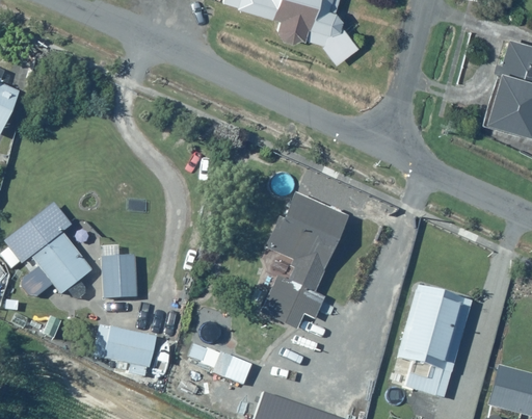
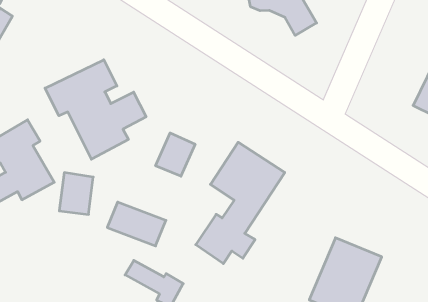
building: none -> [45,60,146,159]
building: none -> [156,133,195,176]
building: [92,324,157,367] -> [107,202,166,246]

